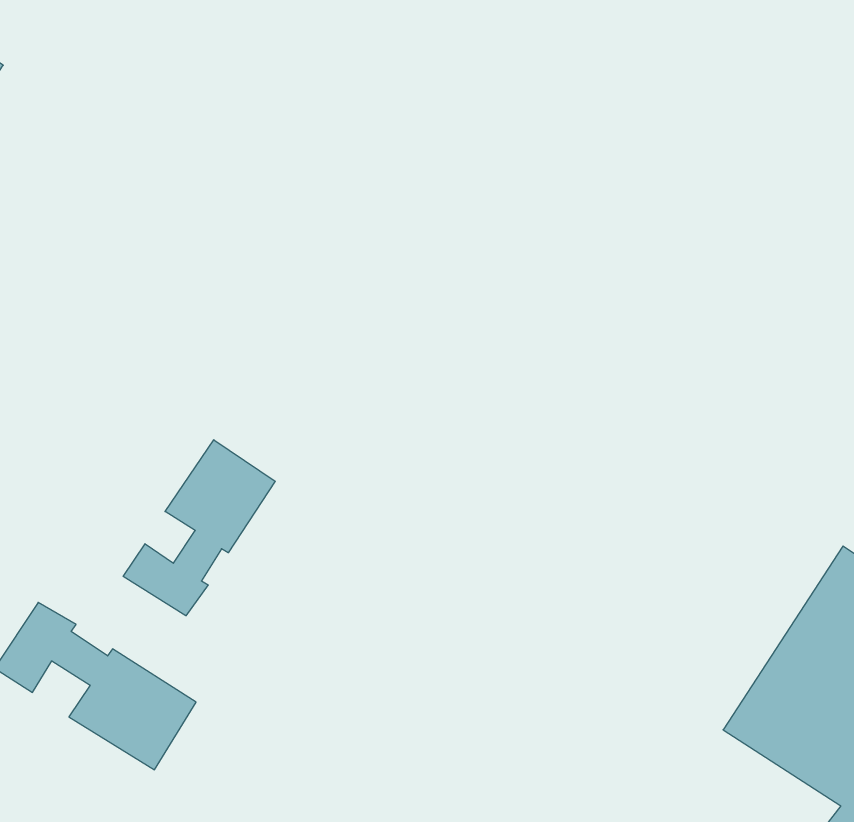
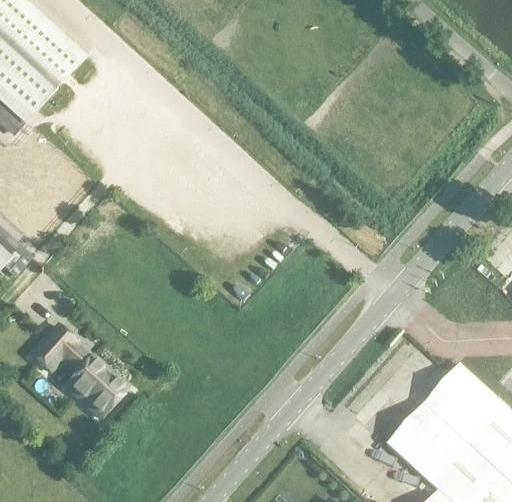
building: [123,440,275,616] -> none

